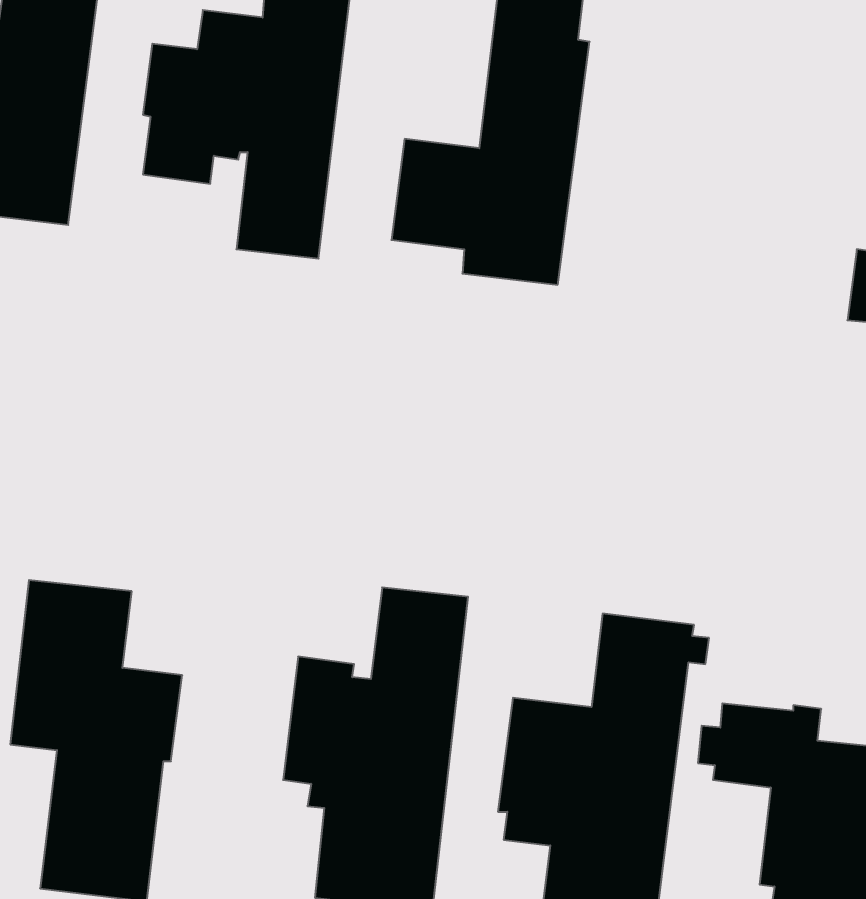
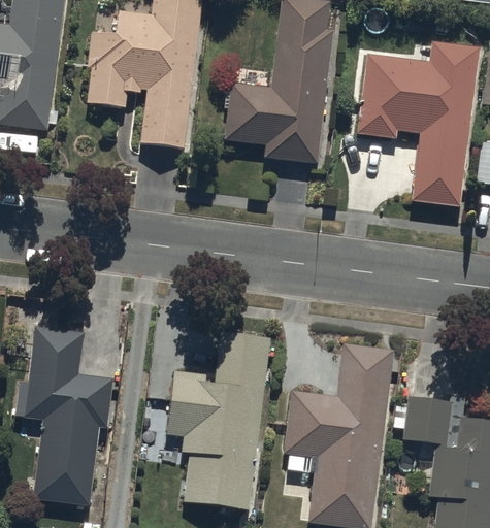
building: none -> [357,41,480,206]

